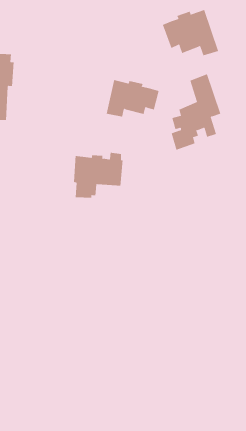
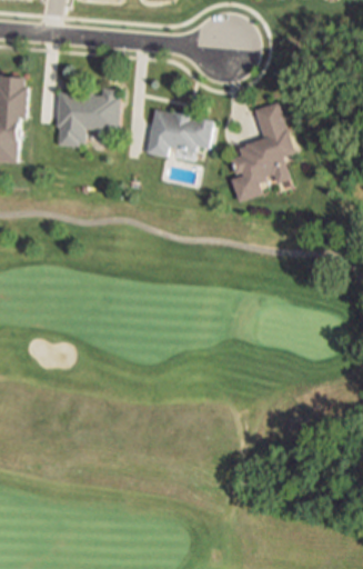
building: [162,9,219,56] -> none
building: [73,152,124,198] -> [54,88,120,148]

